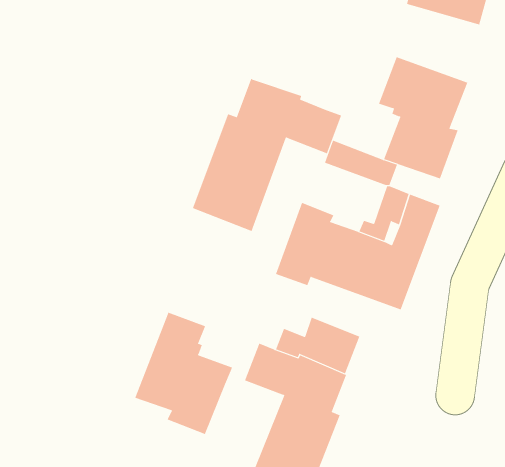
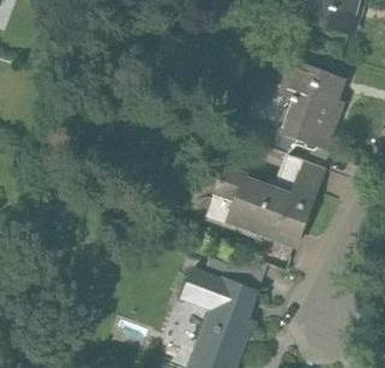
building: [192,78,342,232] -> none
building: [134,312,233,435] -> none

